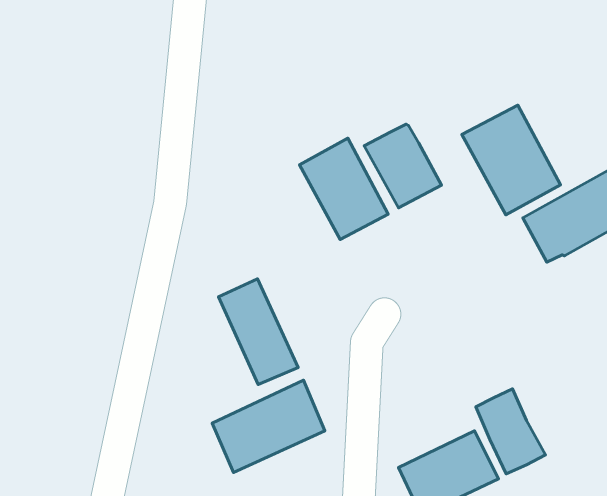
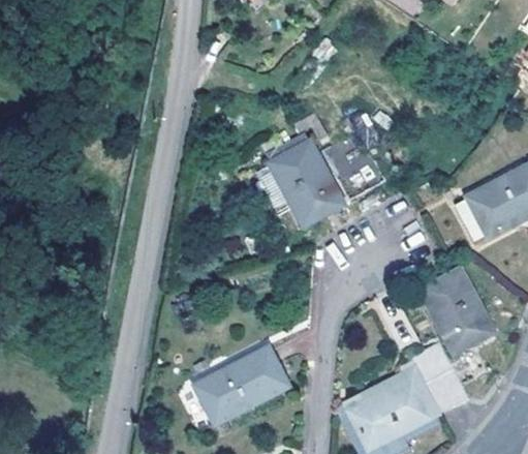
building: [462,105,560,215] -> none
building: [218,279,298,385] -> none
building: none -> [421,273,491,356]

